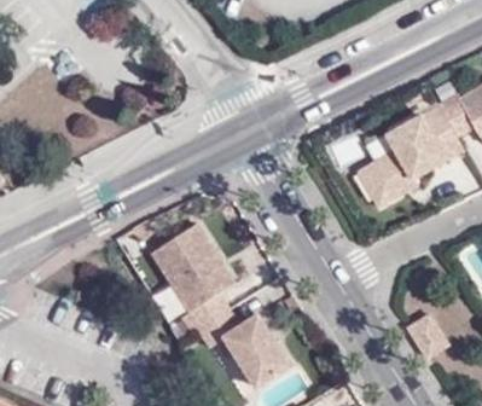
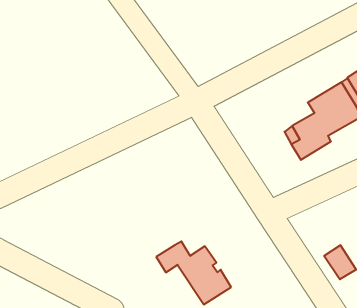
building: [152,225,234,331] -> none

